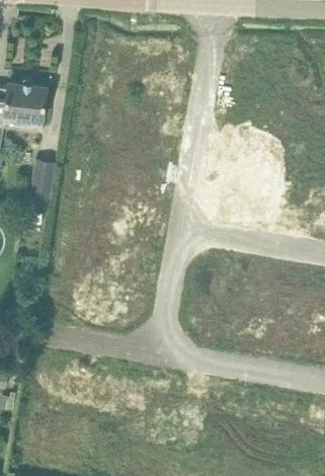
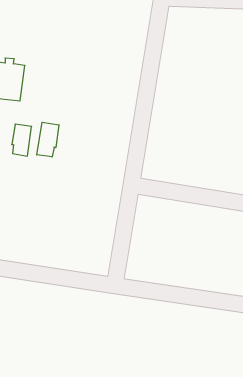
building: none -> [37,122,59,157]

